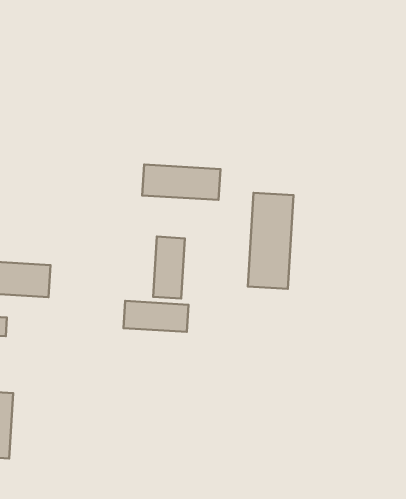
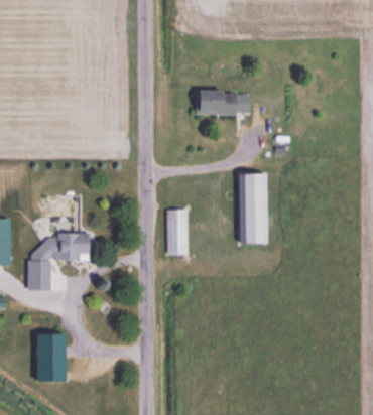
building: [142,165,220,200] -> [193,92,250,115]
building: [124,301,189,332] -> none

